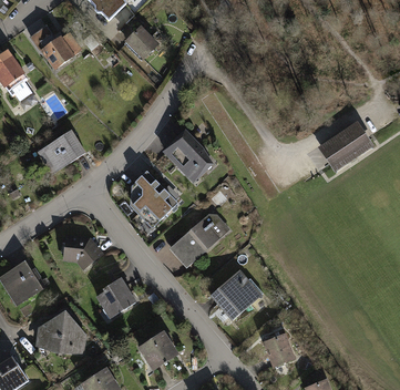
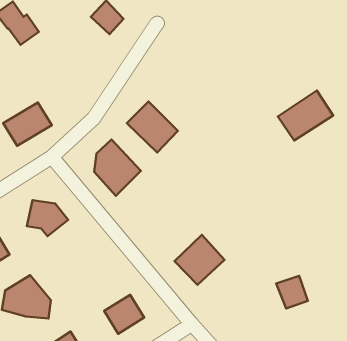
building: [167,212,229,266] -> none
building: [95,276,137,318] -> none
building: [264,332,296,366] -> [276,276,308,308]

